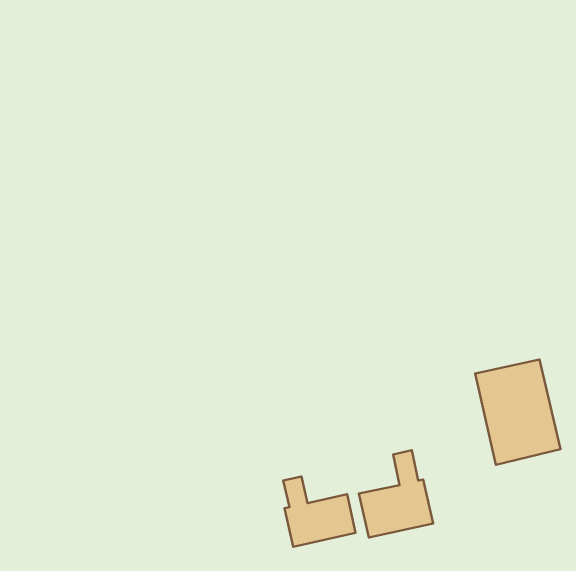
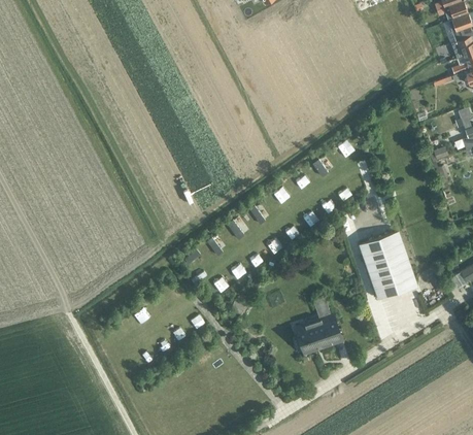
building: [283,477,356,547] -> none

